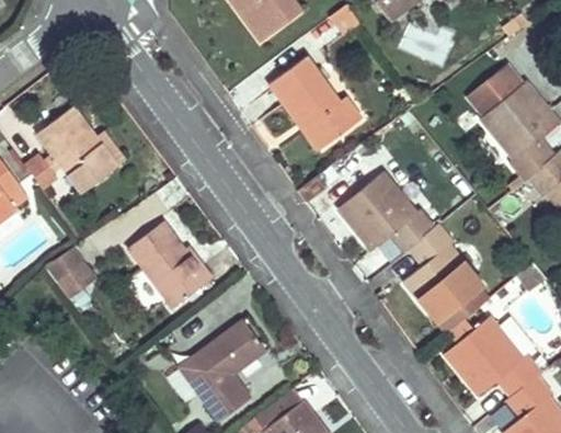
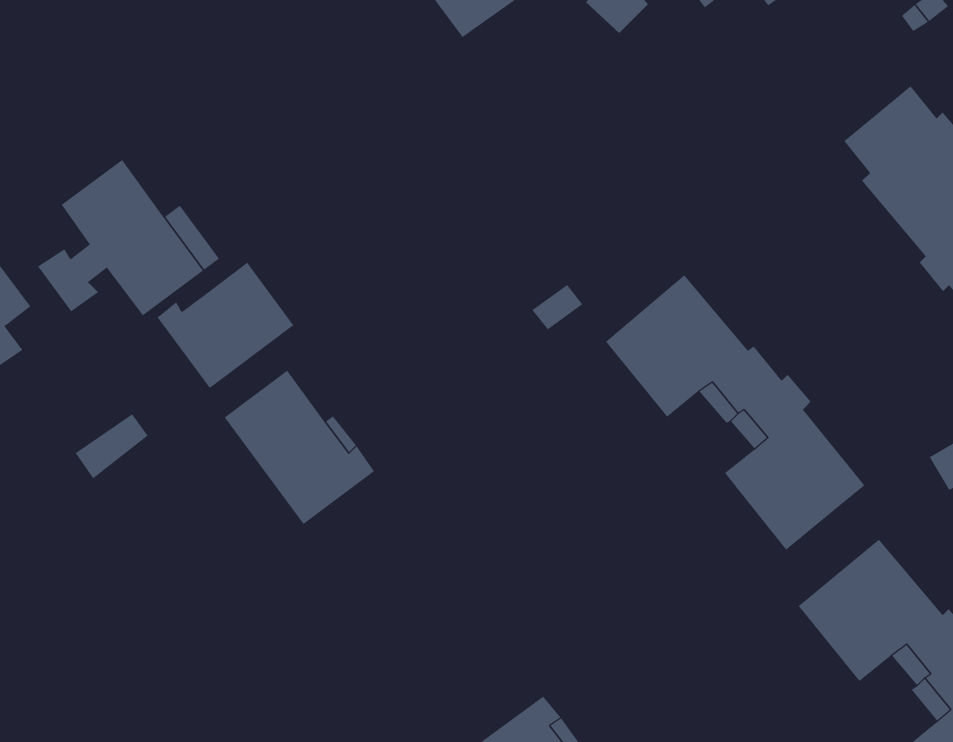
building: [268,56,362,143] -> none
building: none -> [157,262,294,389]
building: [176,319,265,421] -> none

